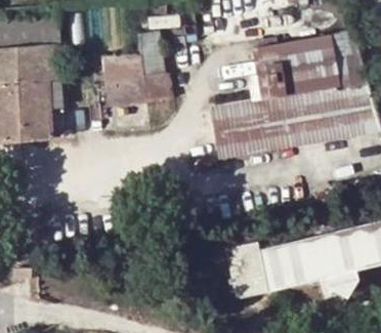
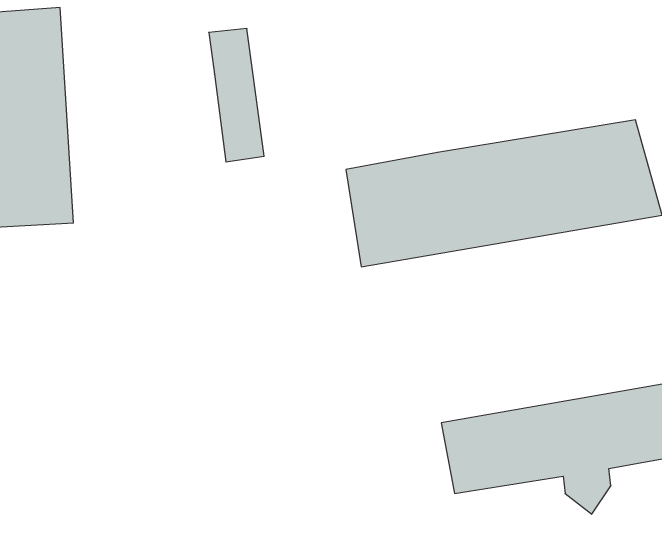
building: [250,31,366,98] -> none
building: [104,56,146,121] -> none
building: [226,236,264,289] -> none

